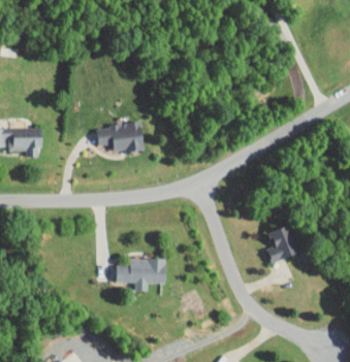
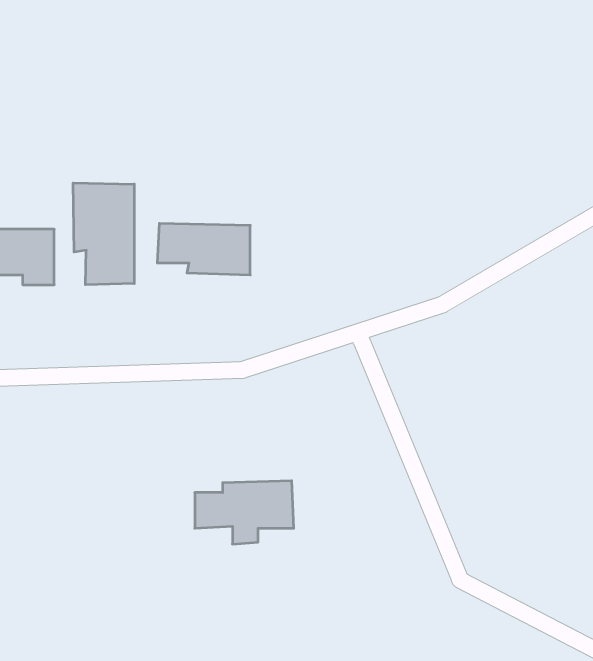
building: none -> [73,183,134,285]
building: [265,226,300,263] -> none

